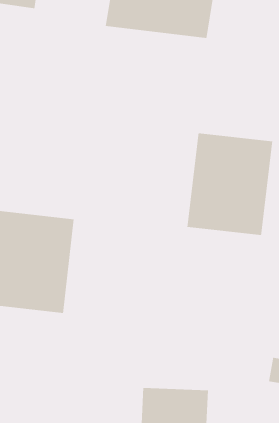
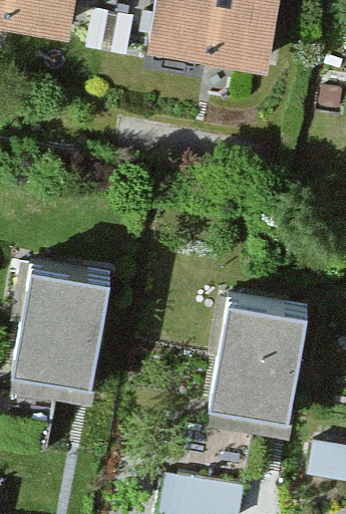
building: [187,132,273,236] -> none
building: none -> [205,308,305,427]

